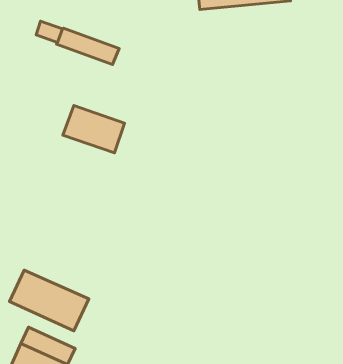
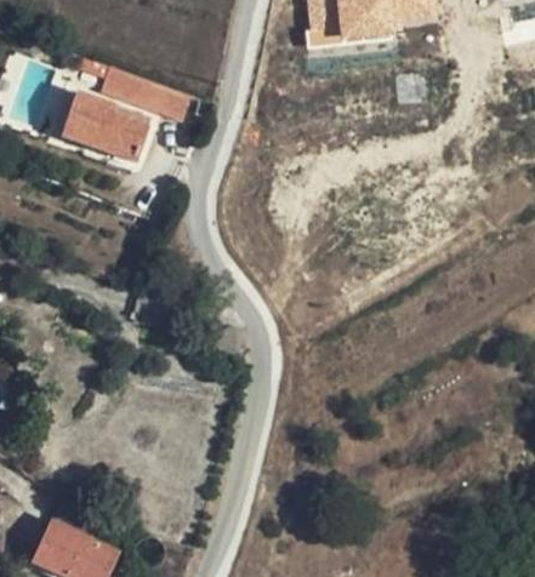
building: [63,105,125,153] -> [62,93,150,161]
building: [9,270,89,331] -> none

